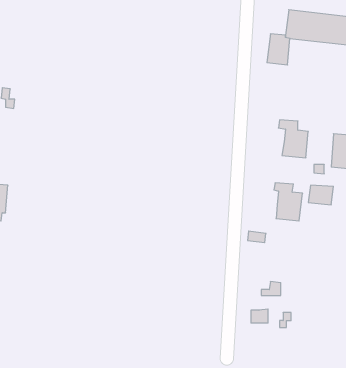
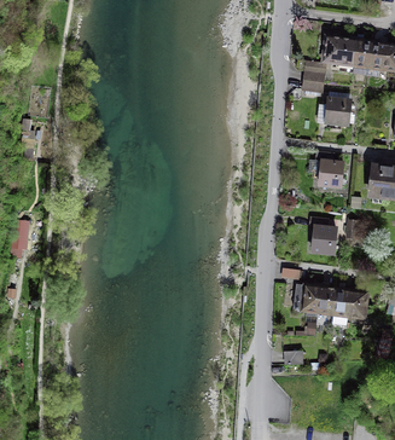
building: none -> [324,97,352,127]
building: none -> [292,284,370,320]

